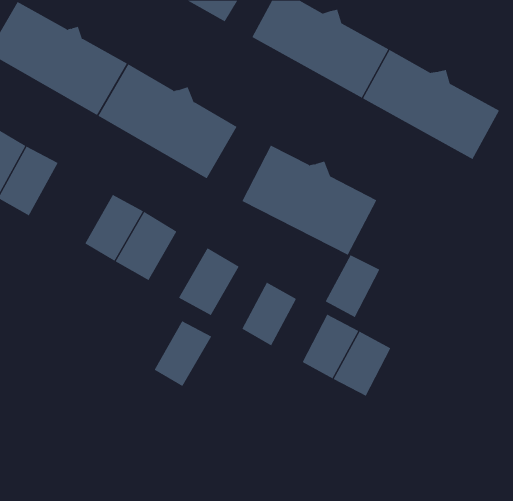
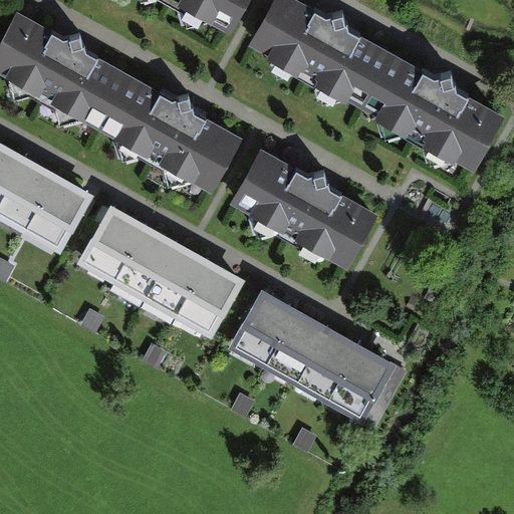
building: none -> [29,176,91,247]
building: [325,254,380,318] -> [271,311,326,374]
building: [154,320,212,387] -> [149,244,207,310]

